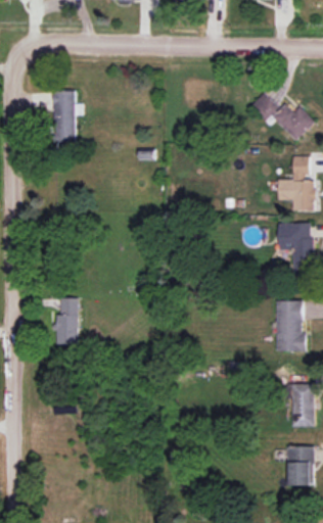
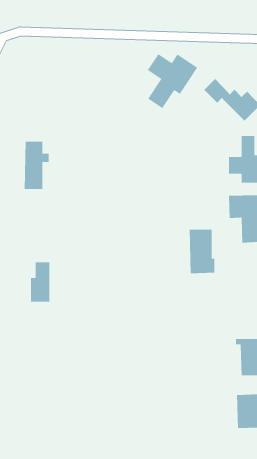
building: none -> [147,53,198,109]
building: [52,91,81,146] -> [24,141,49,190]
building: [275,301,305,352] -> [189,229,215,274]

